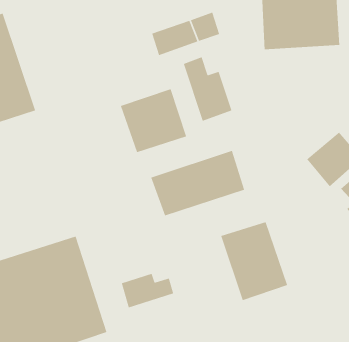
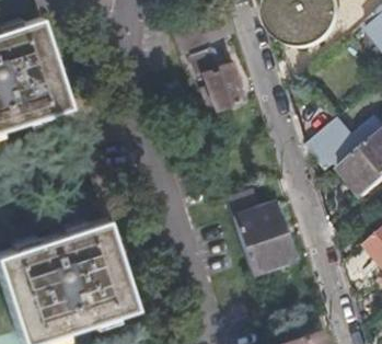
building: [120,88,187,153] -> none
building: [150,150,245,217] -> none
building: [121,273,174,308] -> none

